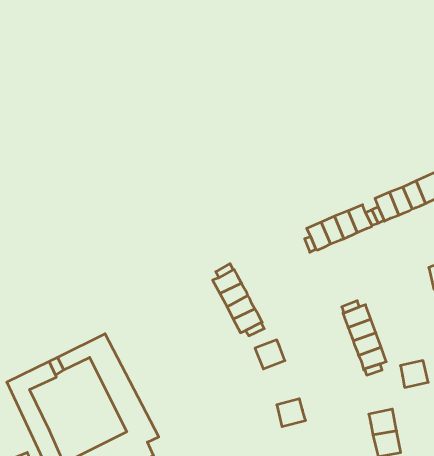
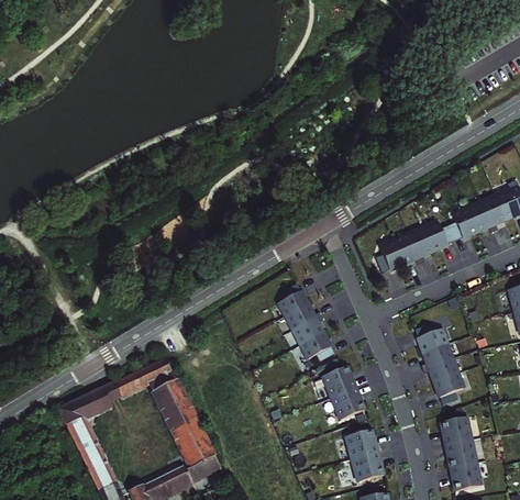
building: [400,361,428,387] -> [441,415,471,444]
building: none -> [333,387,365,418]
building: none -> [353,451,384,479]

